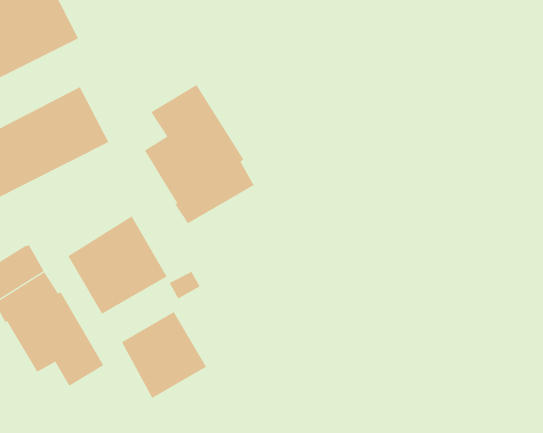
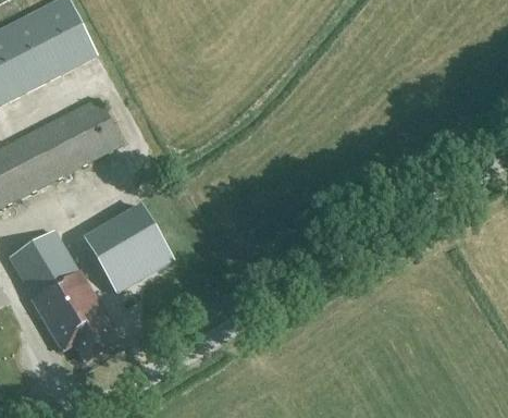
building: [144,84,254,224] -> none
building: [121,311,207,399] -> none

